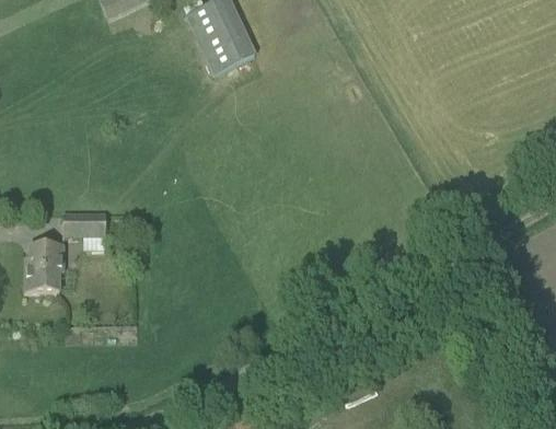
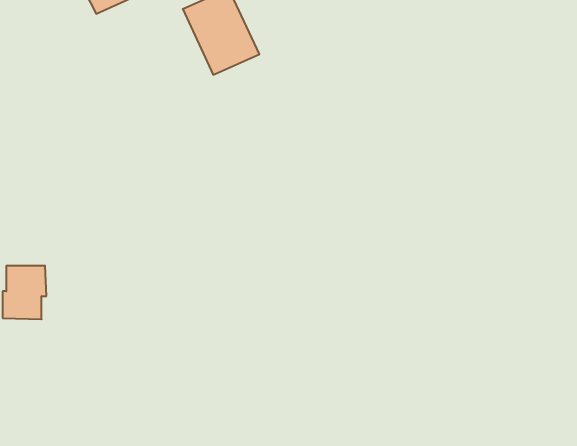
building: [63,212,105,235] -> none

